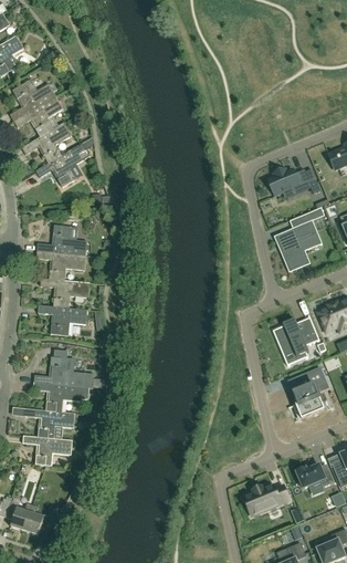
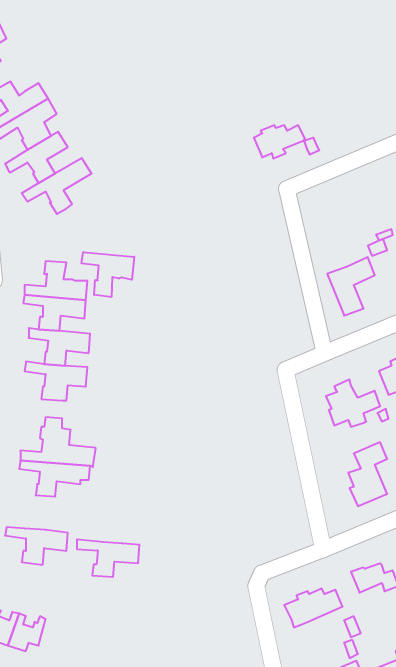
building: [267,169,319,196] -> [254,125,319,159]
building: none -> [81,252,134,297]
building: [24,408,74,438] -> [77,539,140,577]

